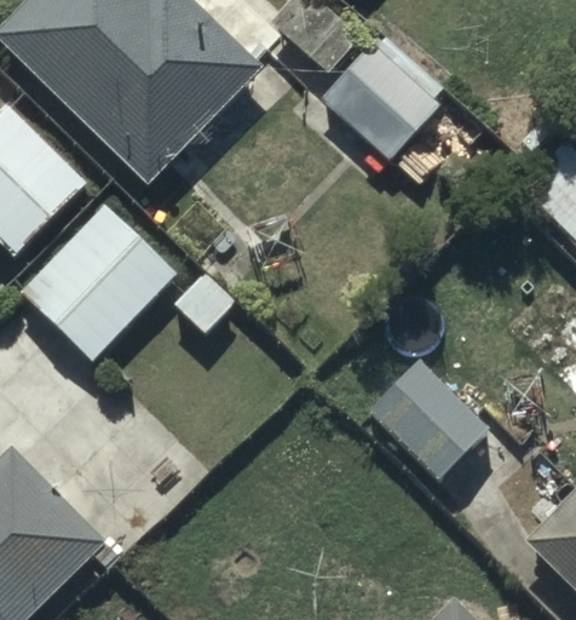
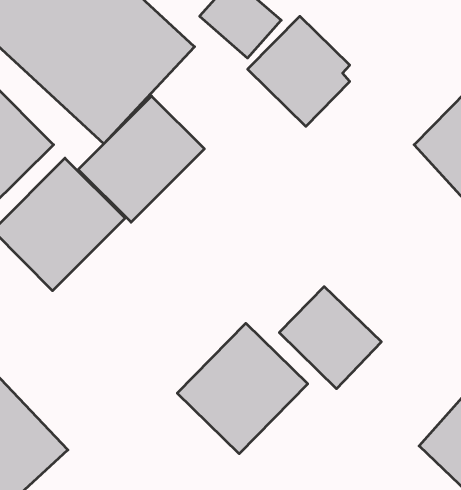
building: none -> [78,96,204,222]
building: none -> [177,323,308,454]

